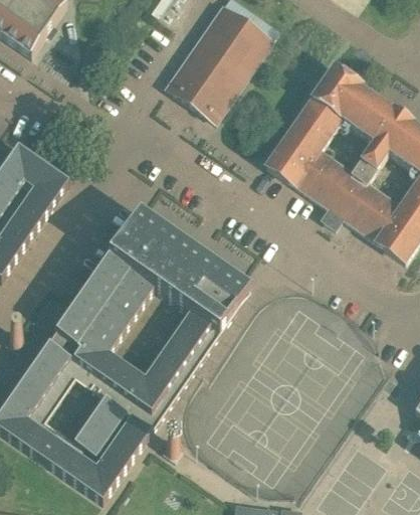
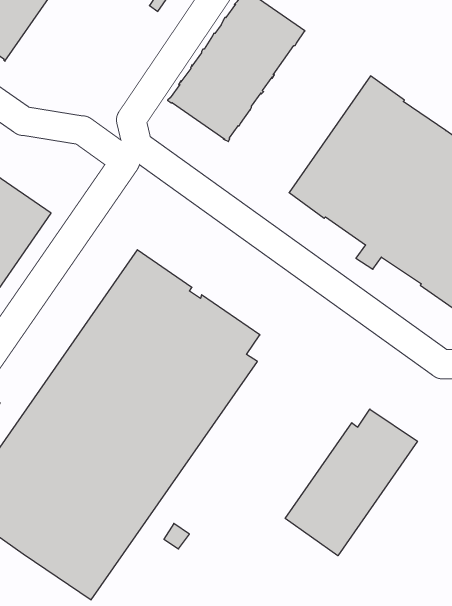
building: none -> [285,409,417,556]

